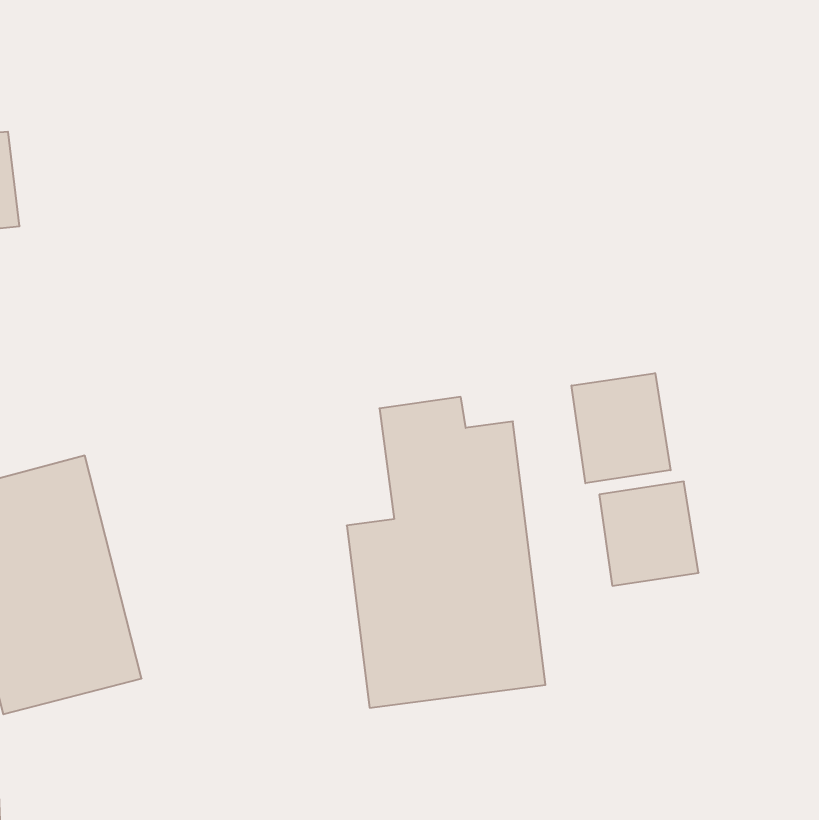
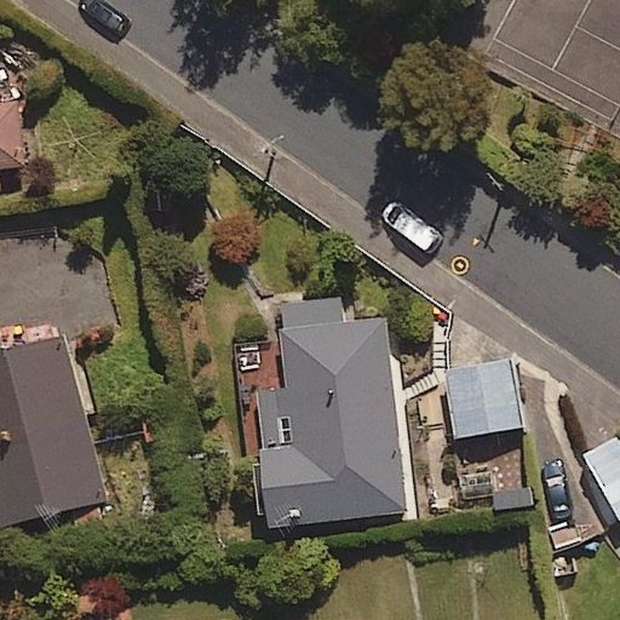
building: [572,373,671,483] -> none

